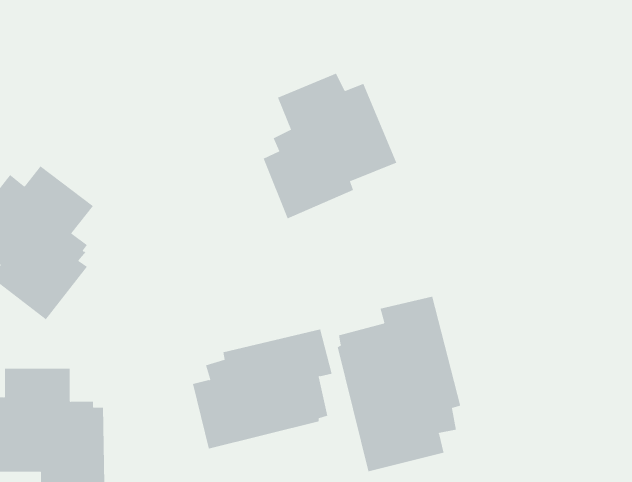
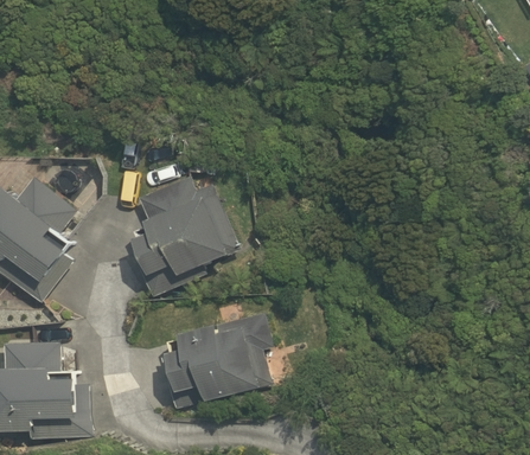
building: [263,73,397,219] -> [128,178,238,297]
building: [337,296,461,472] -> none

